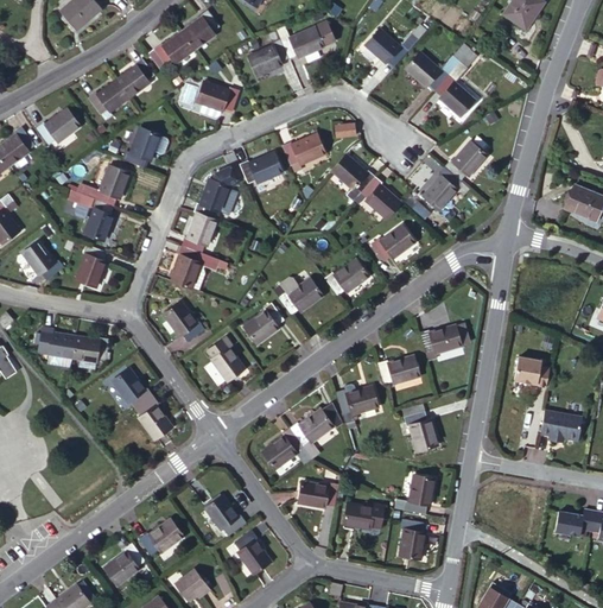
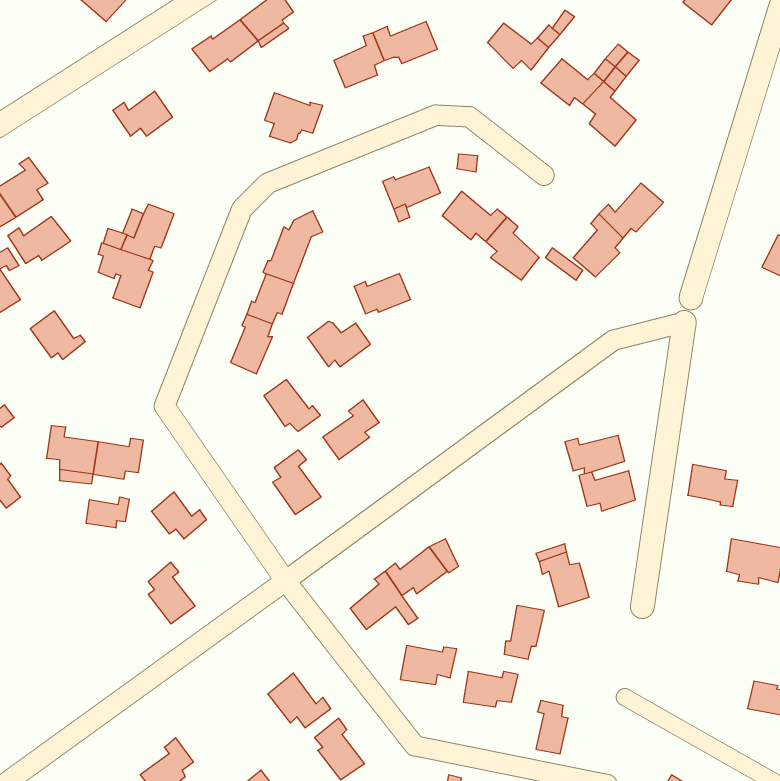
building: [118,51,153,95] -> none
building: [38,112,84,146] -> [8,217,71,263]
building: [121,121,161,163] -> none
building: [245,151,286,180] -> [354,273,411,314]
building: [368,223,414,258] -> none
building: [75,243,106,289] -> none
building: [322,260,364,292] -> none
building: [274,281,320,315] -> [307,321,370,367]
building: [157,304,198,342] -> [264,380,320,431]
building: [375,357,417,387] -> [579,471,635,511]
building: none -> [86,497,129,528]
building: [334,381,377,424] -> none
building: [139,391,173,436] -> [148,562,195,624]
building: [402,479,432,518] -> [504,606,544,659]
building: [141,526,185,562] -> none

